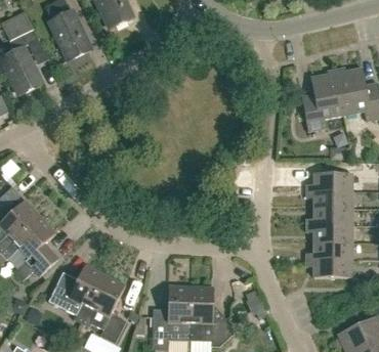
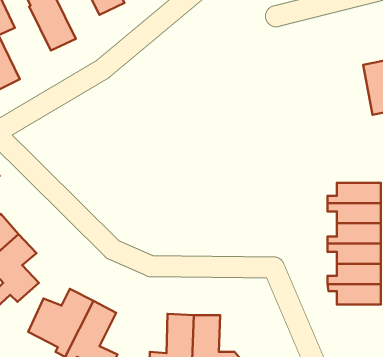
building: [302,72,345,131] -> none

